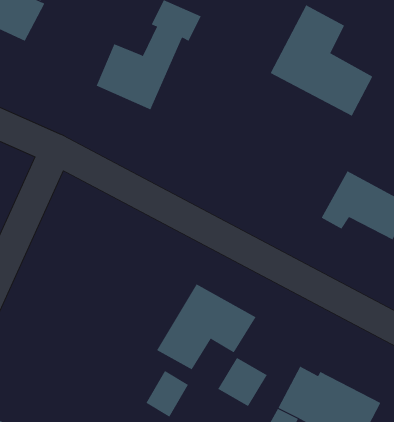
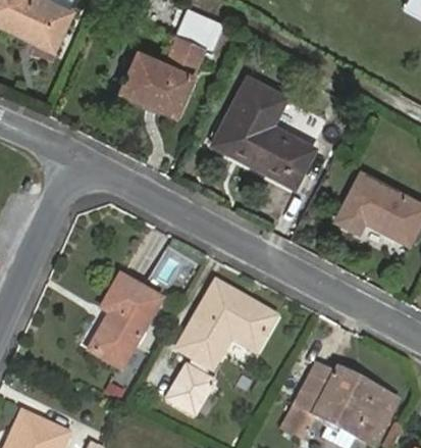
building: [270,5,373,117] -> [213,78,313,186]
building: none -> [90,276,160,367]
building: [217,357,267,407] -> none

